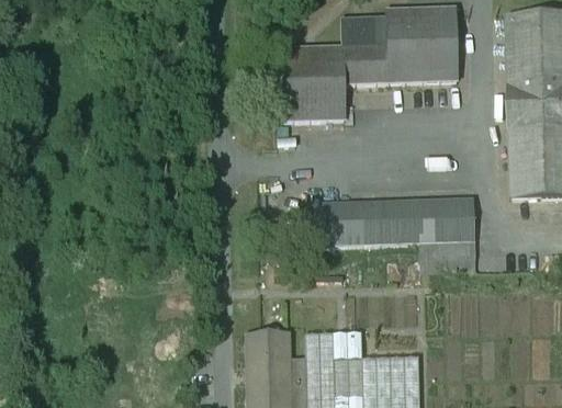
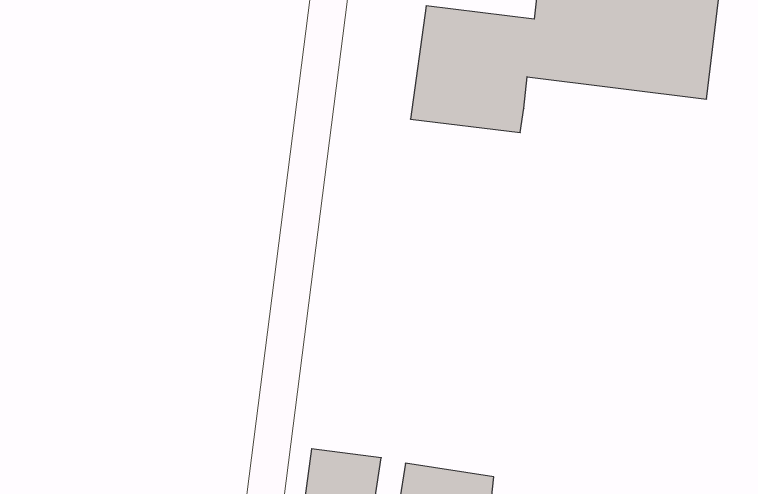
building: [315,197,474,269] -> none

